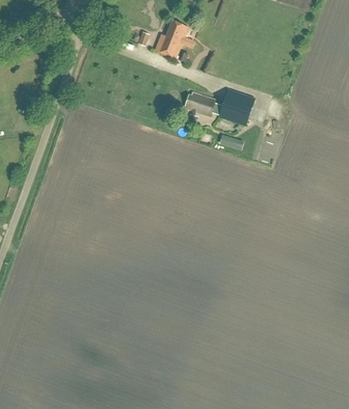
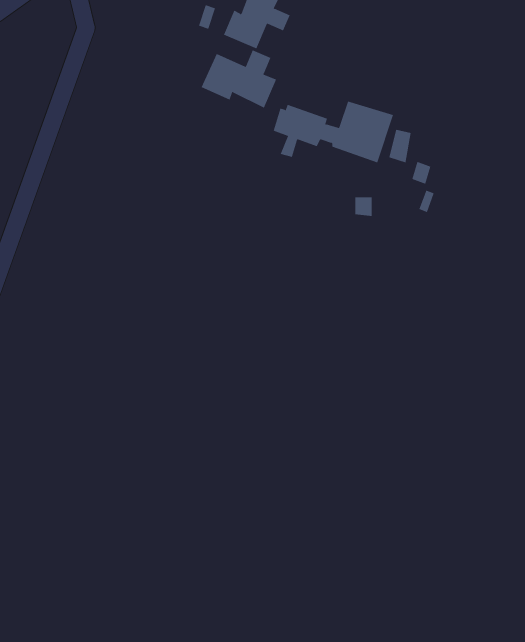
building: none -> [201,49,277,108]

